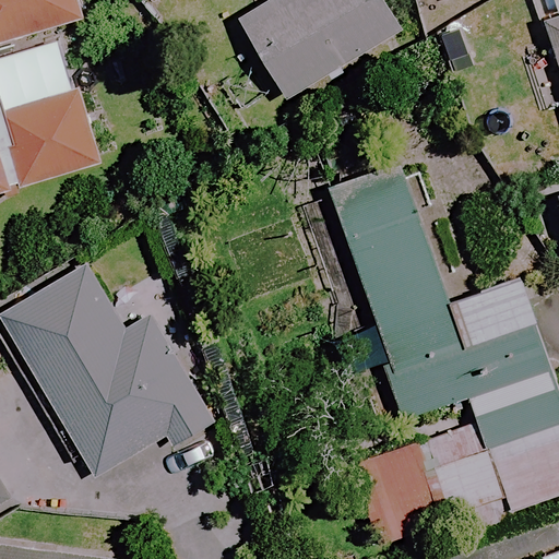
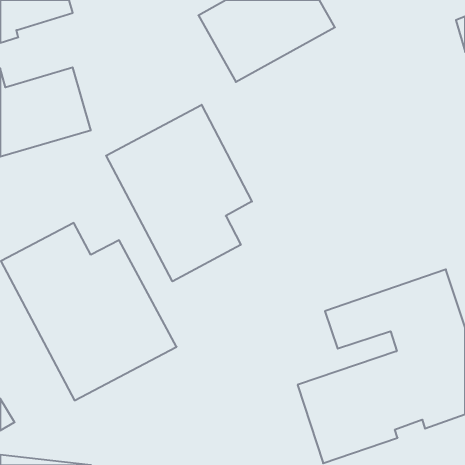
building: none -> [106,105,252,281]
building: [326,159,535,373] -> none

